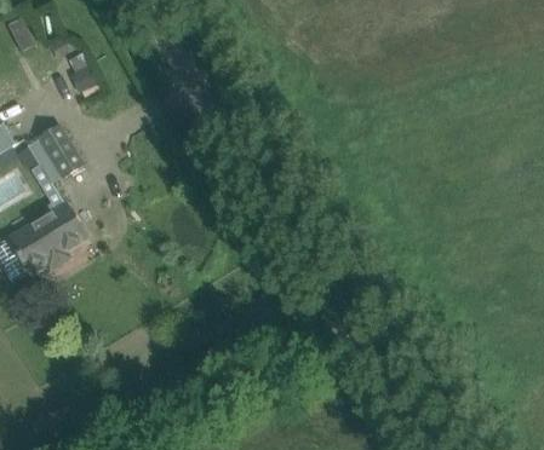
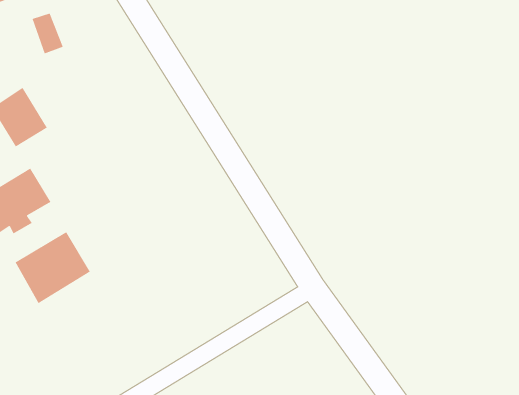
building: none -> [14,231,91,304]

